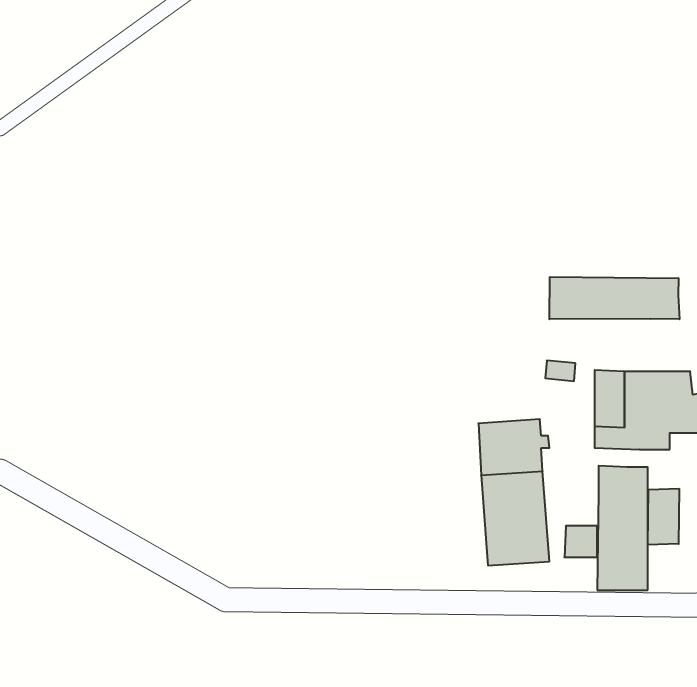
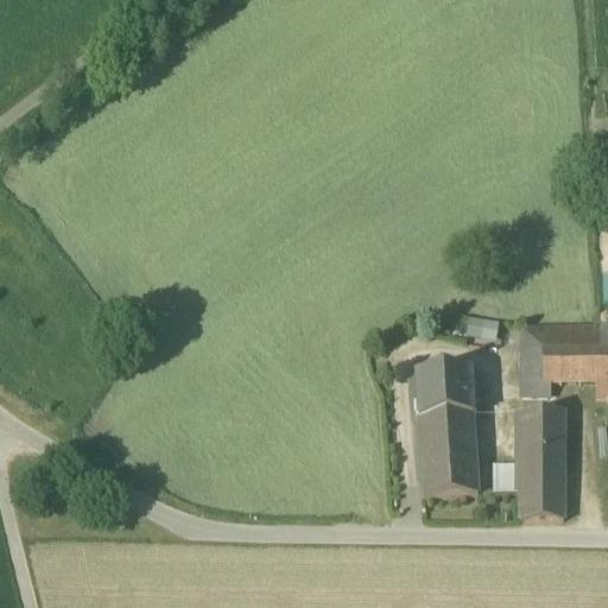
building: [549,277,679,319] -> none
building: [648,489,679,545] -> none

